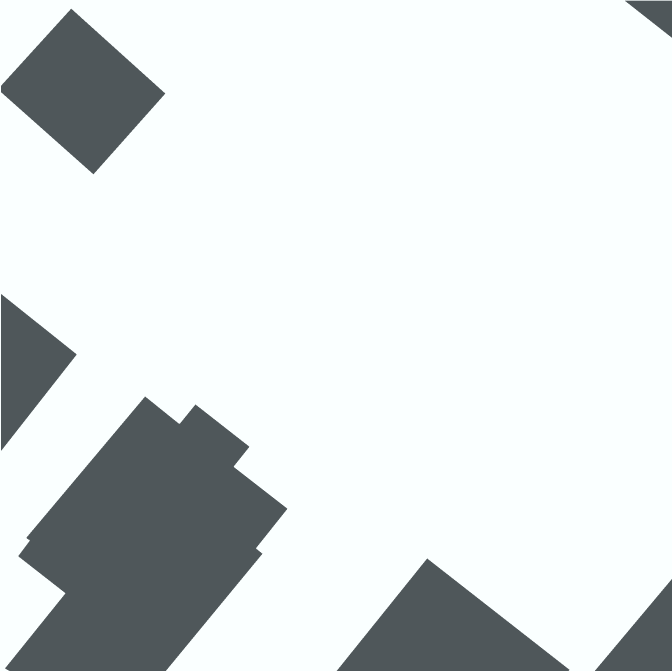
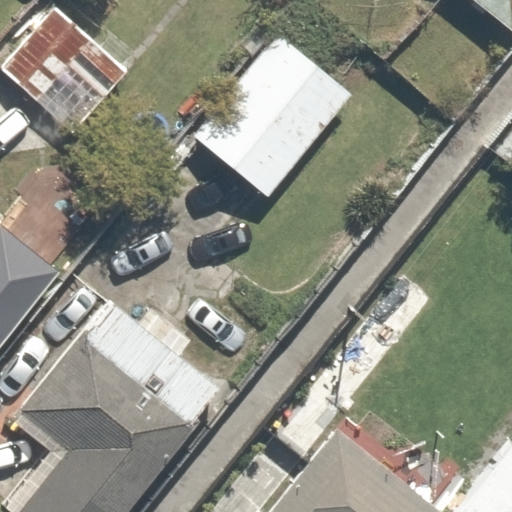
building: none -> [192,34,352,198]

